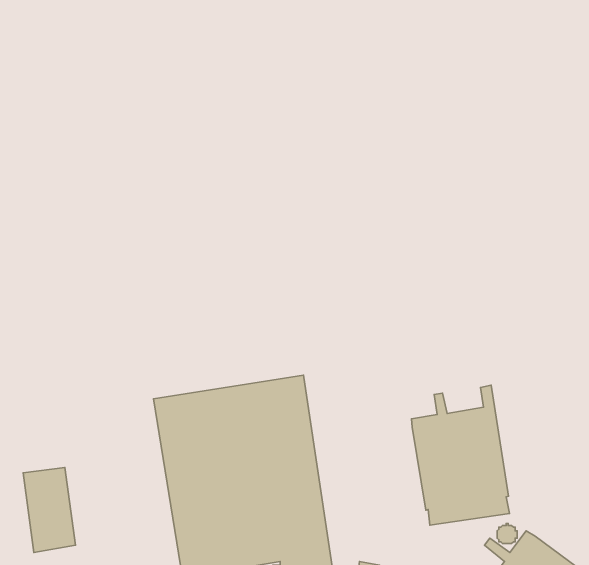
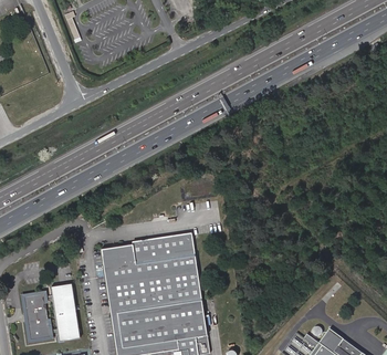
building: [412,385,510,525] -> none
building: none -> [50,282,79,340]

